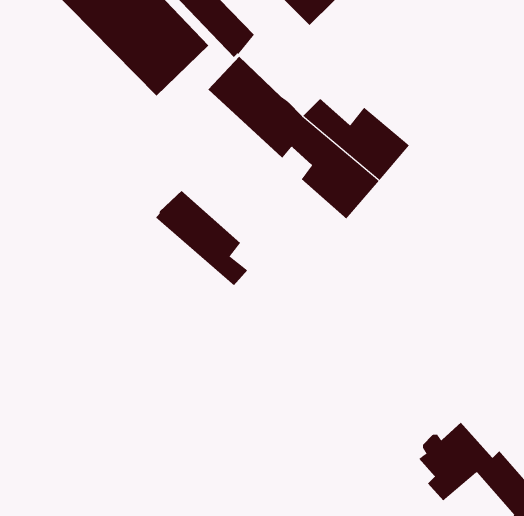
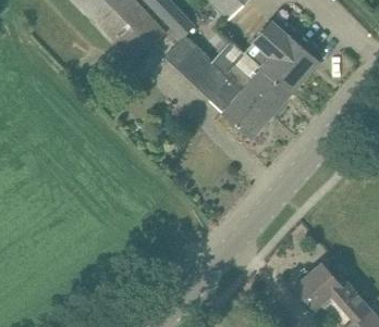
building: none -> [244,22,318,92]
building: [155,190,248,286] -> none

